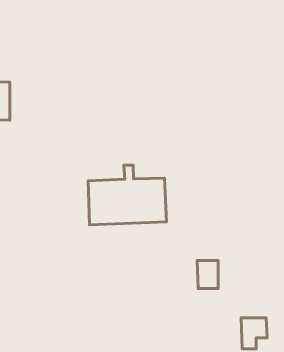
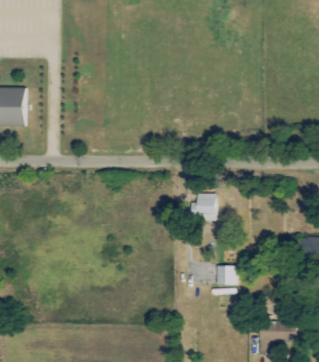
building: [88,165,167,225] -> none
building: none -> [193,193,216,221]

